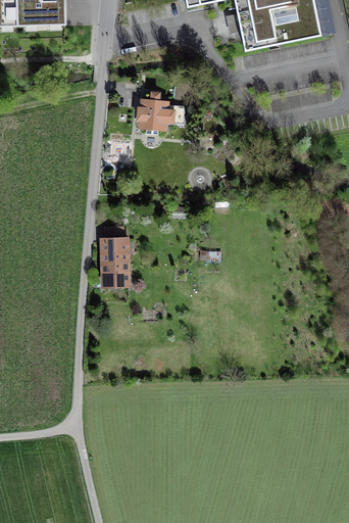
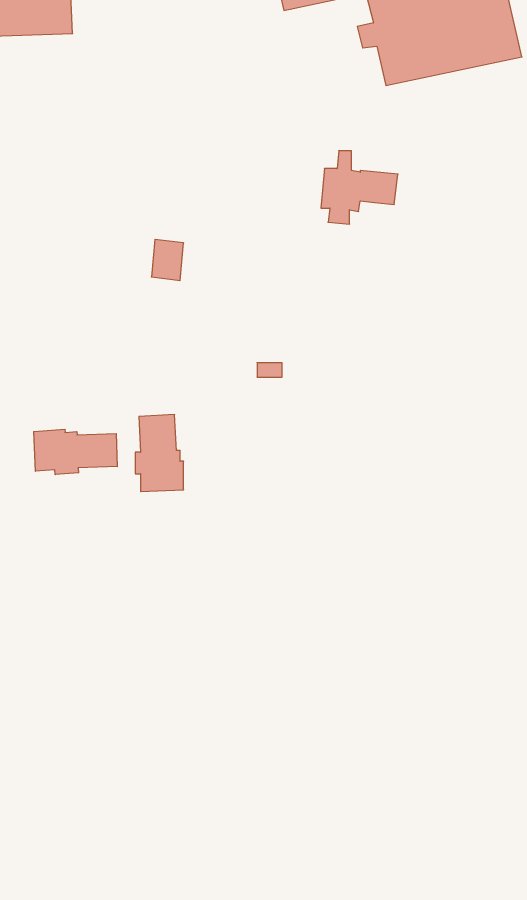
building: [146,90,190,132] -> [321,151,398,224]
building: none -> [34,429,117,475]

